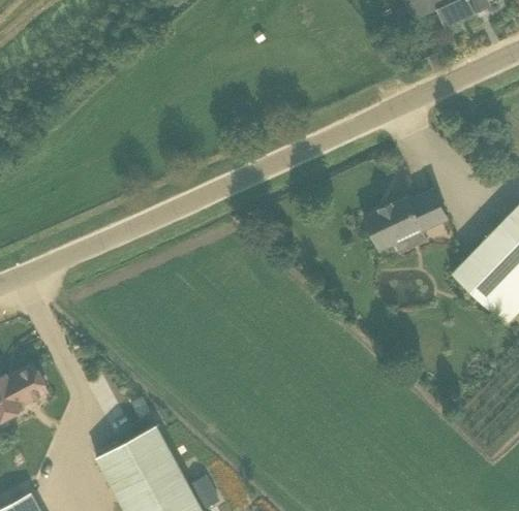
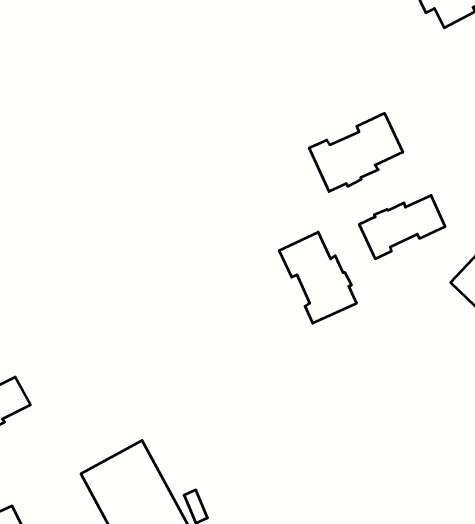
building: none -> [309,113,403,192]
building: none -> [279,232,356,323]

